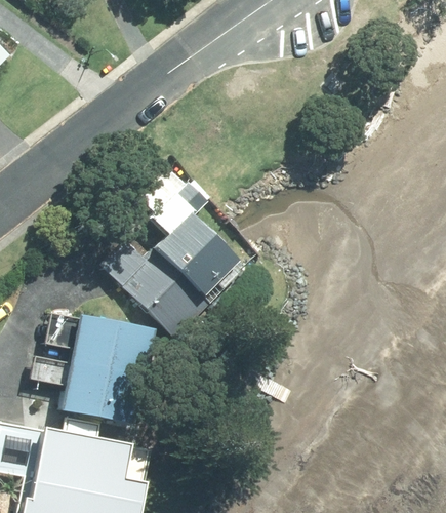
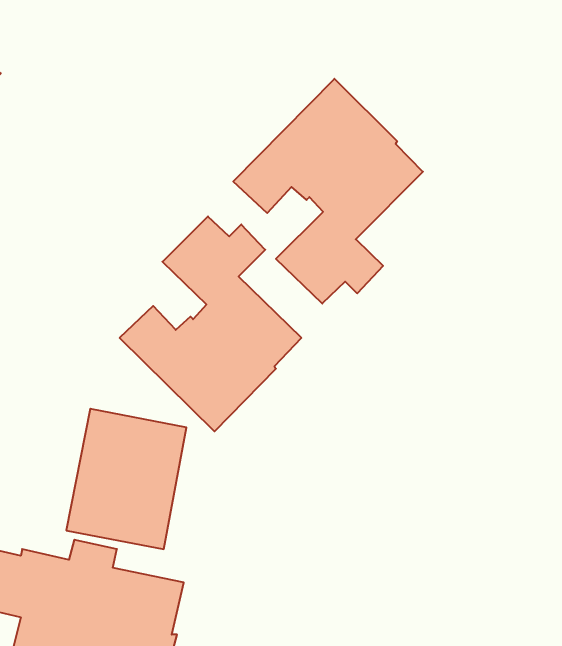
building: none -> [233,79,423,304]

